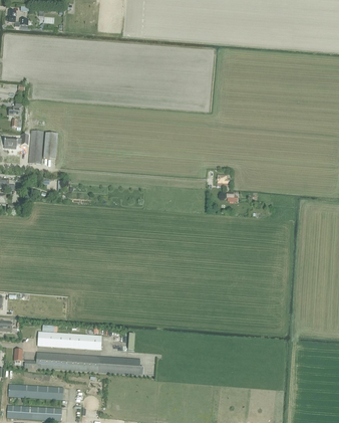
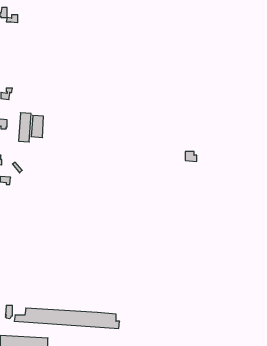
building: [38,331,101,349] -> none

